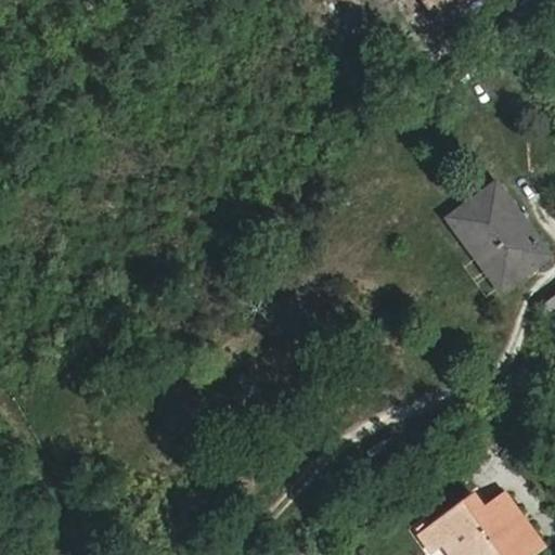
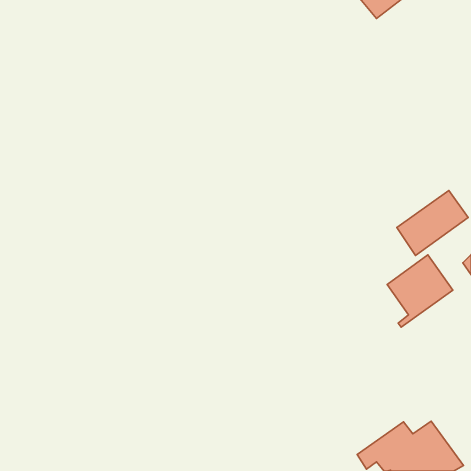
building: [449,182,526,267] -> [387,255,453,327]

